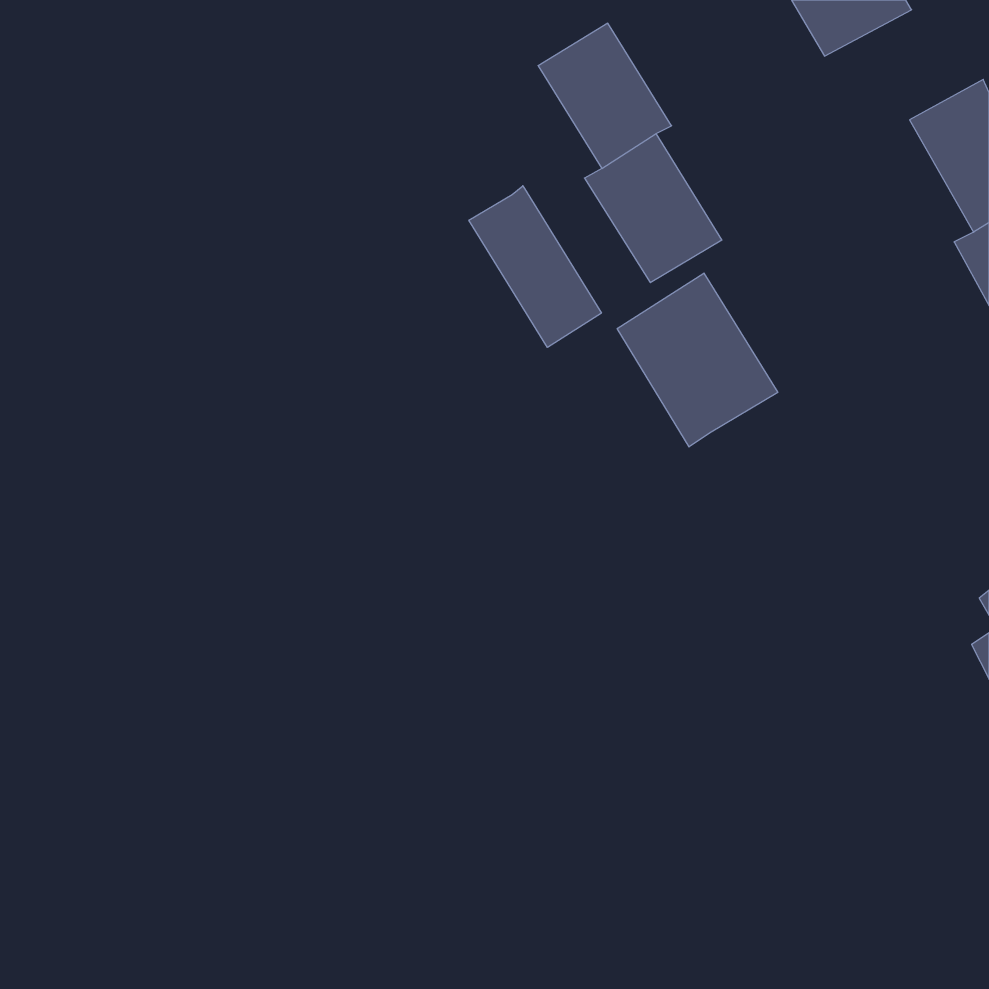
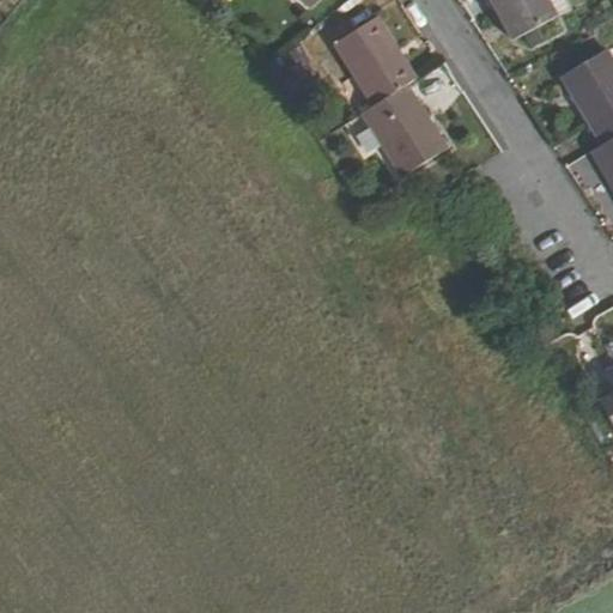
building: [469,186,601,347] -> none
building: [617,273,778,447] -> none

